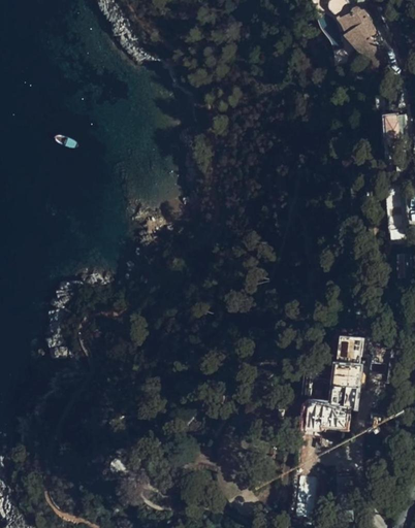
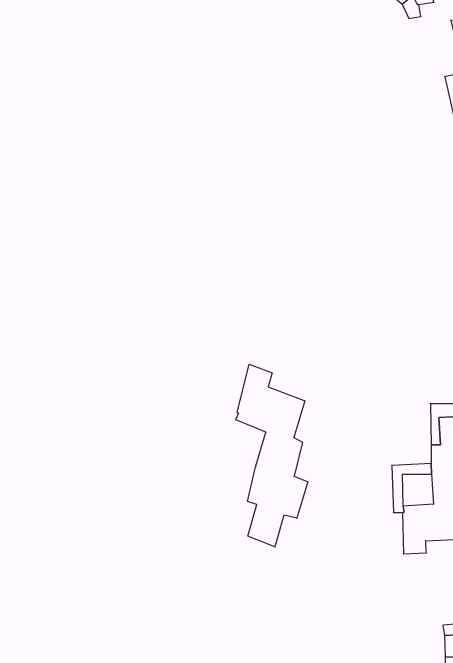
building: none -> [236,364,308,547]

